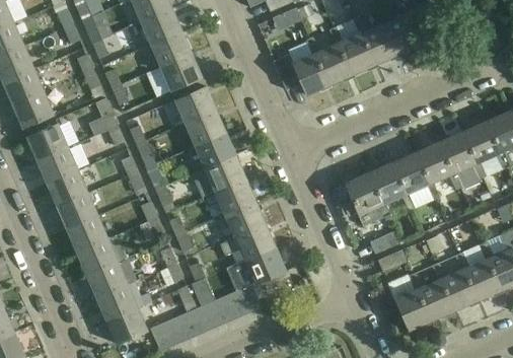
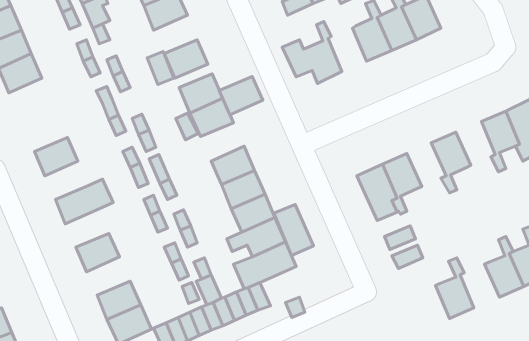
building: [316,26,353,84] -> none
building: [150,30,192,67] -> none
building: [12,90,54,128] -> none
building: [26,123,68,160] -> none
building: [438,132,475,190] -> none
building: [195,133,236,169] -> [219,77,263,115]
building: [391,152,429,210] -> none
building: [47,169,88,206] -> none
building: none -> [274,204,313,255]
building: [66,215,107,252] -> none
building: [442,252,480,309] -> none
building: [86,261,128,297] -> none
building: [388,272,432,331] -> none

